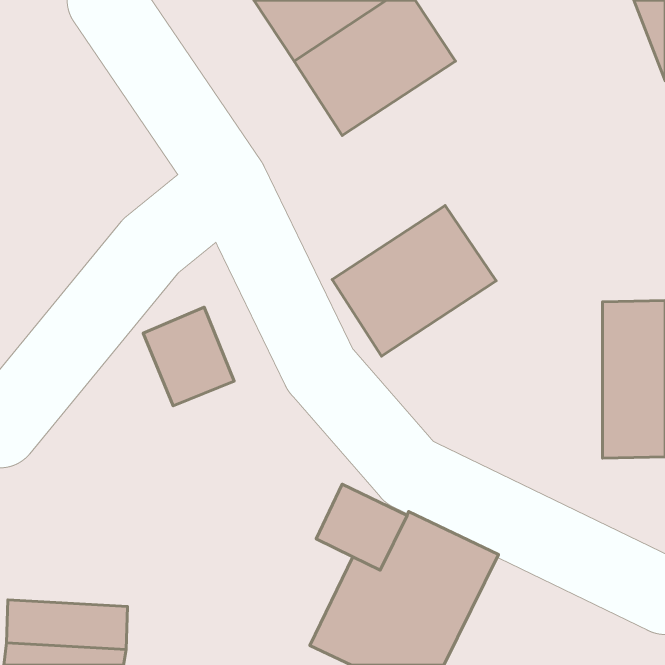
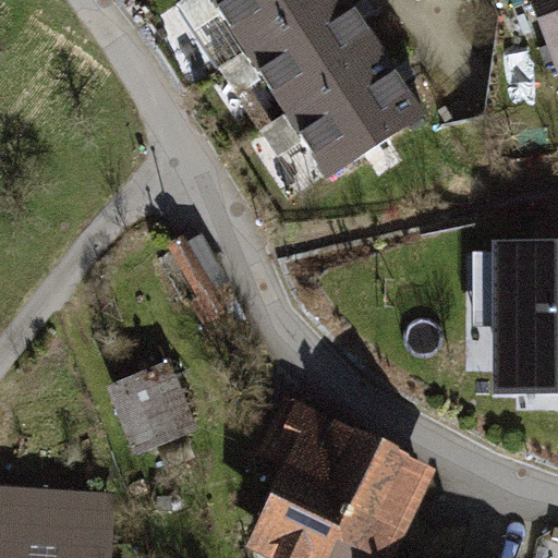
building: [332,205,496,356] -> [287,51,424,178]
building: [143,307,234,406] -> [117,366,193,449]

